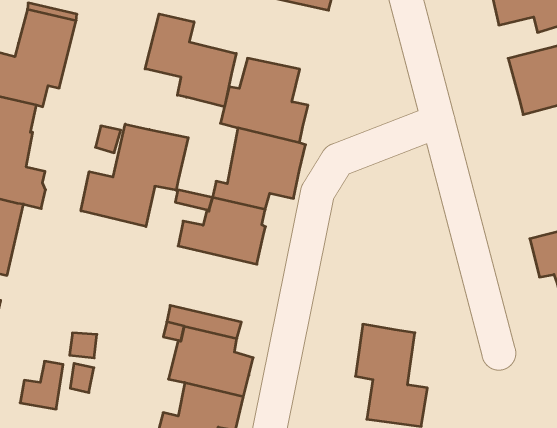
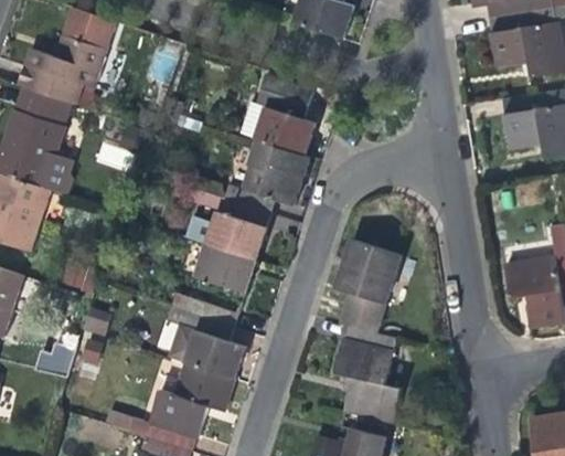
building: [145,14,236,107] -> none
building: [81,124,188,227] -> none
building: none -> [335,238,401,333]
building: none -> [193,245,257,294]

